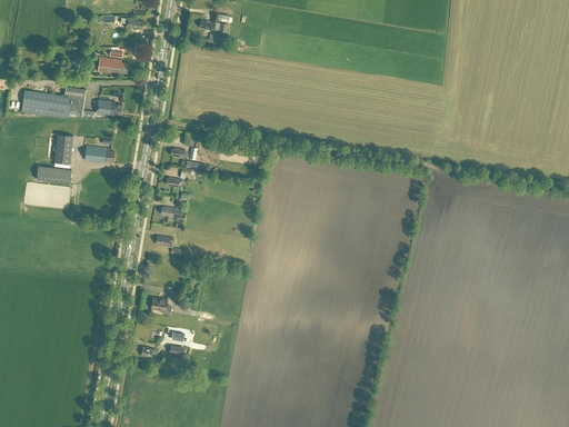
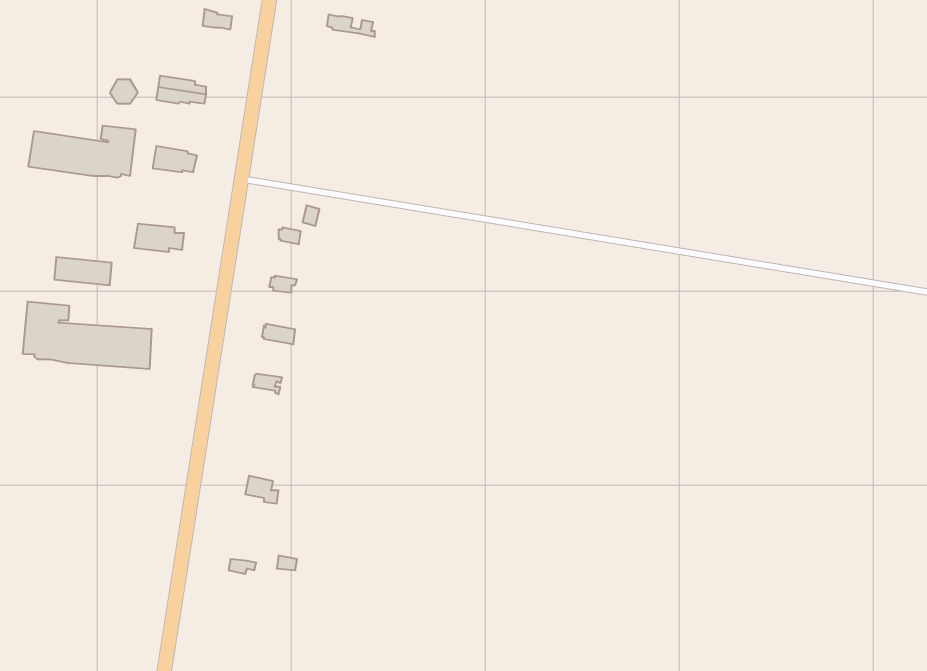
building: [53,132,72,162] -> none
building: none -> [23,301,151,369]

